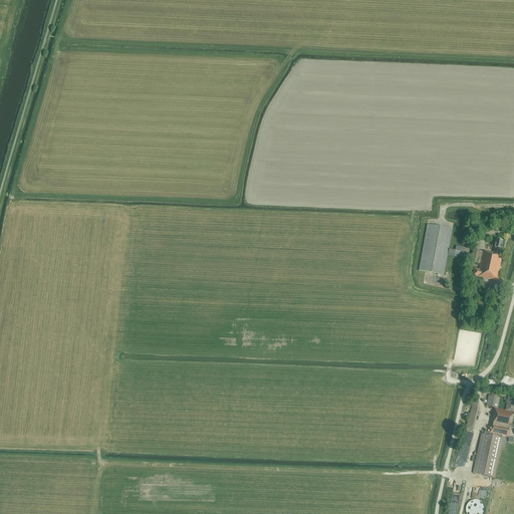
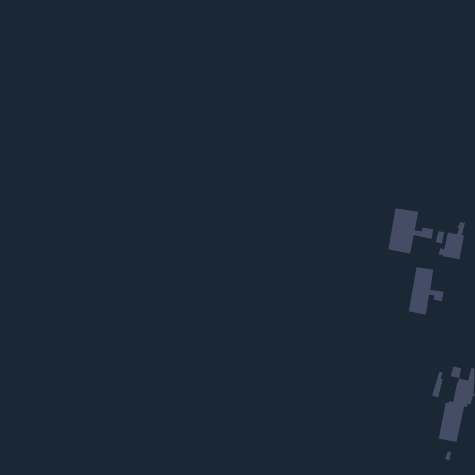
building: none -> [408,266,444,316]

